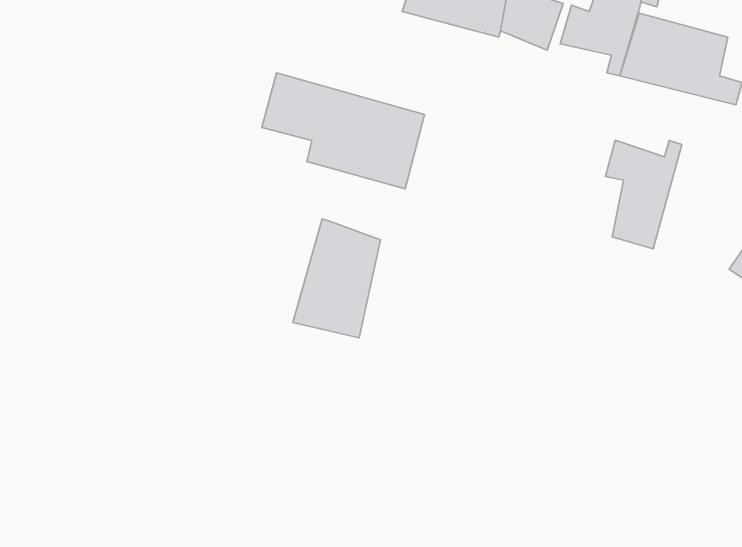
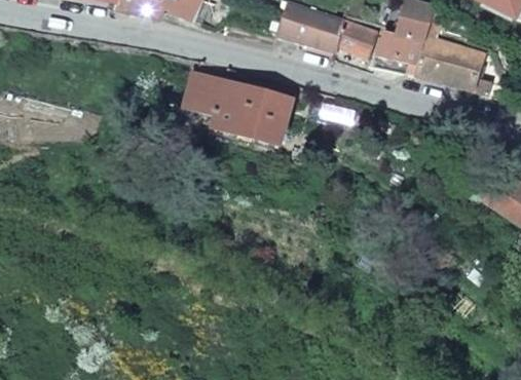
building: [605,140,682,249] -> none
building: [293,219,380,338] -> none

